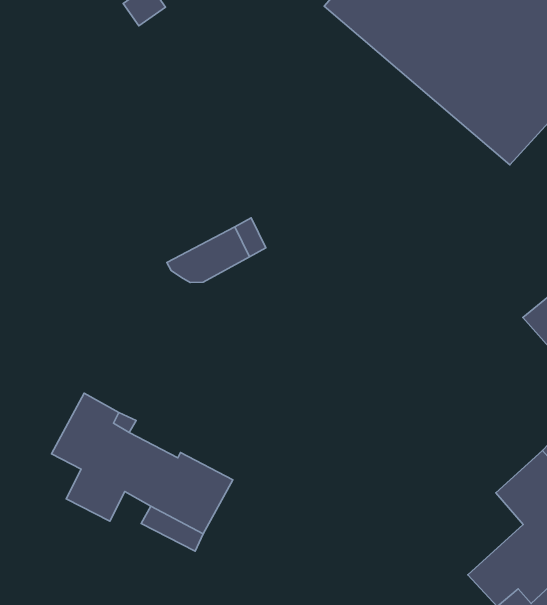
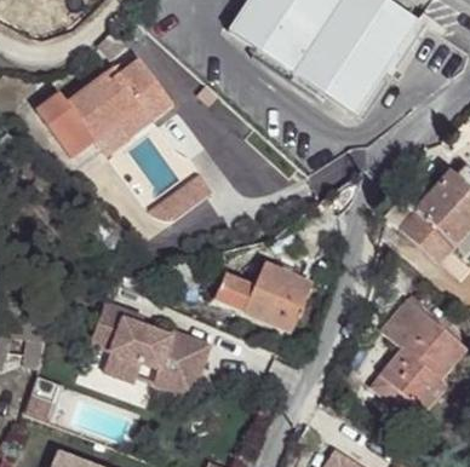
building: none -> [35,58,172,156]
building: none -> [213,264,310,331]

